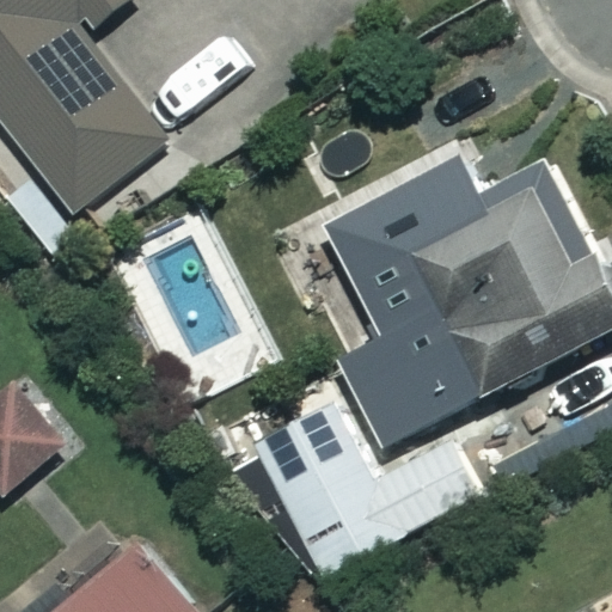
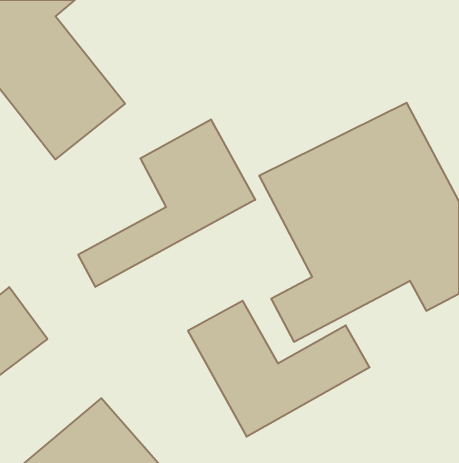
building: none -> [78,119,255,287]

